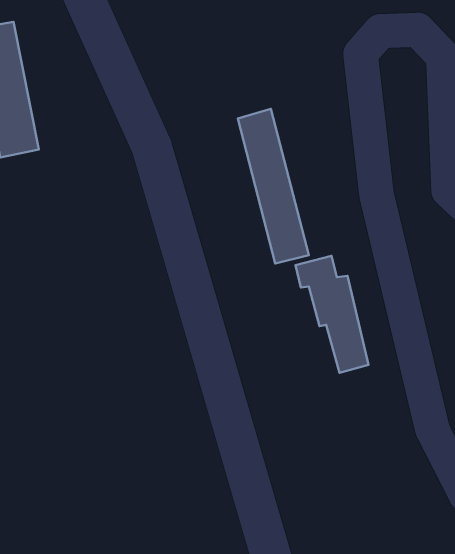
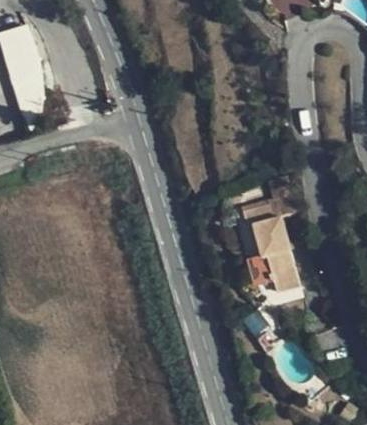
building: [238,109,309,264] -> none

